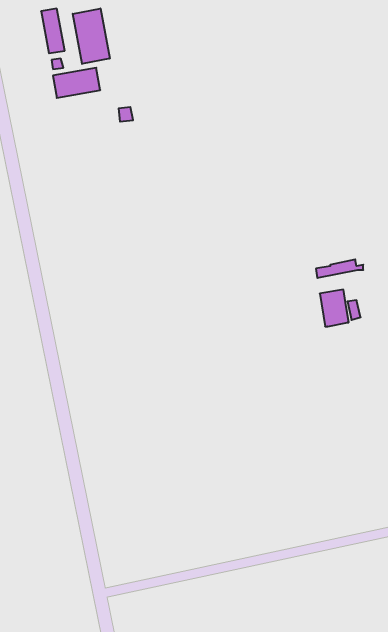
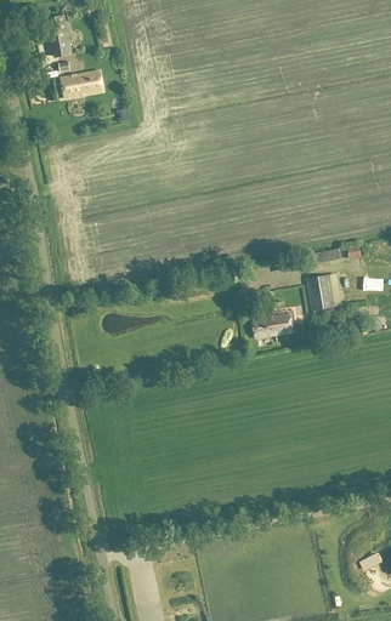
building: [73,8,110,64] -> none
building: none -> [253,312,293,336]

